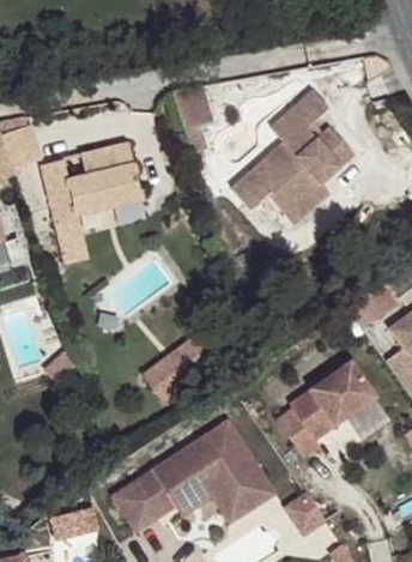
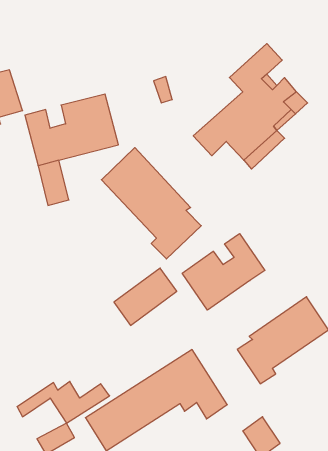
building: none -> [101,148,201,259]
building: none -> [182,234,265,310]
building: [175,478,275,524] -> [17,381,110,423]

